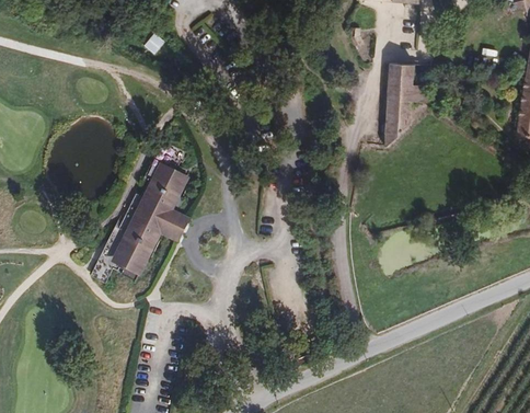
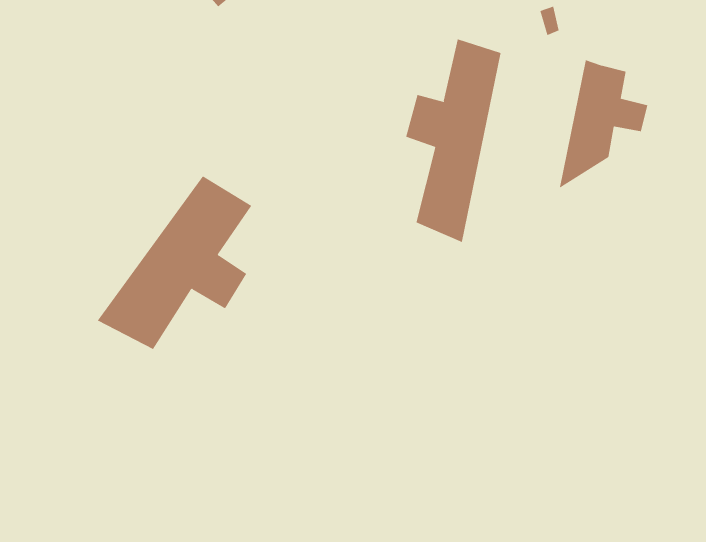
building: none -> [406,38,501,243]

